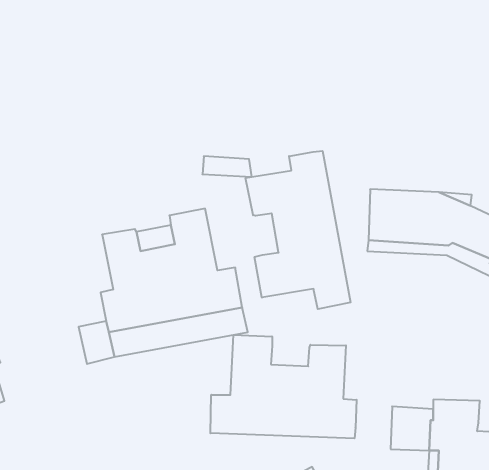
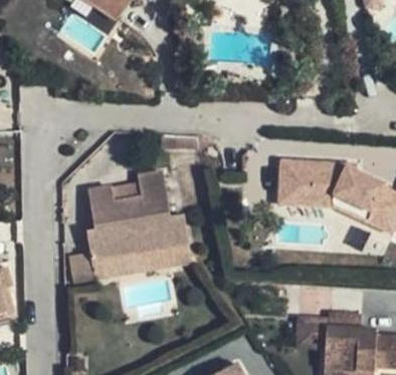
building: [246,151,351,309] -> none
building: [210,335,357,438] -> none

